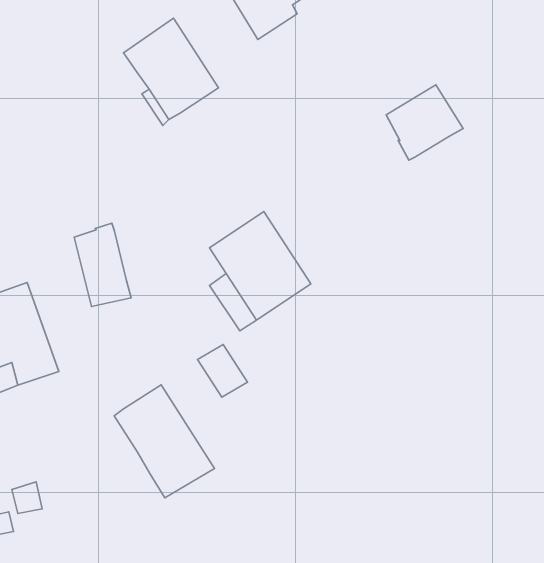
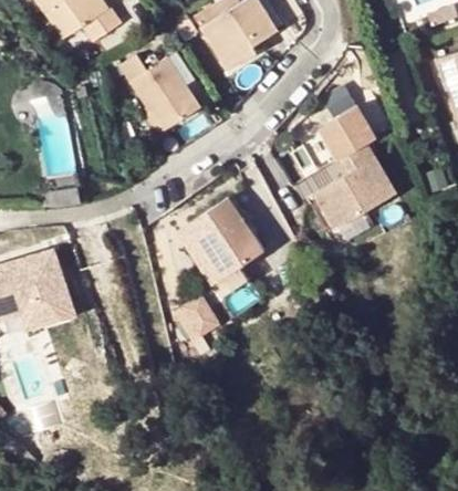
building: none -> [313,142,396,228]
building: [74,223,131,307] -> none
building: [114,385,215,498] -> none

